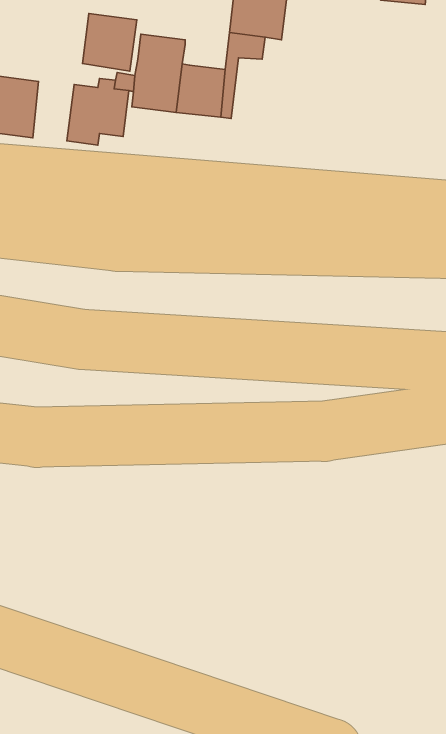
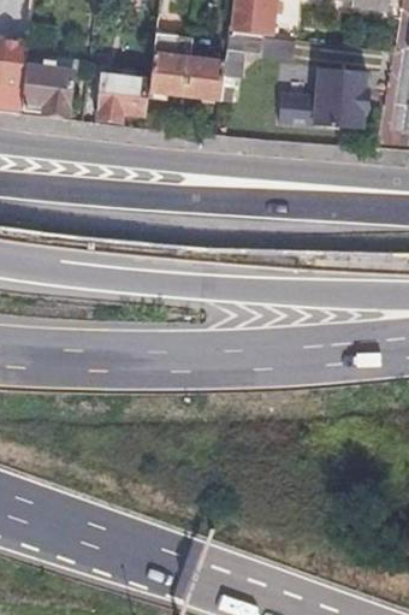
building: [82,13,137,71] -> none
building: none -> [280,67,373,129]

